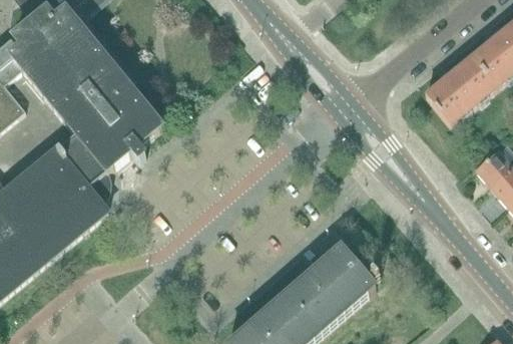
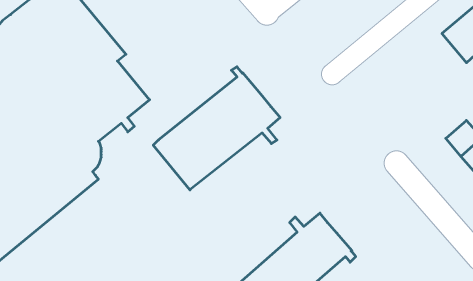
building: [425,57,497,125] -> none
building: none -> [153,67,280,190]

